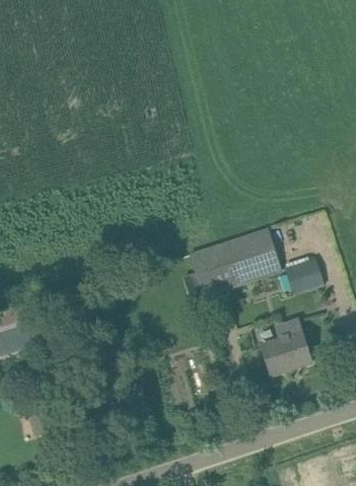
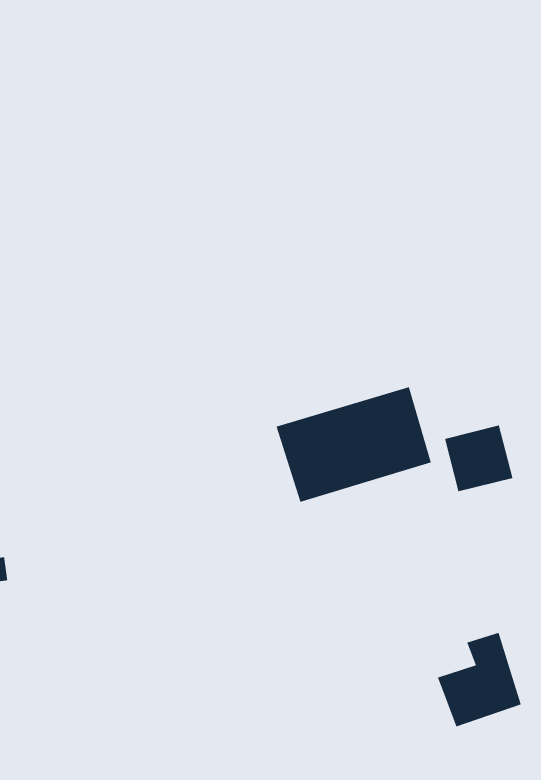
building: [259,319,308,374] -> [437,632,522,727]

